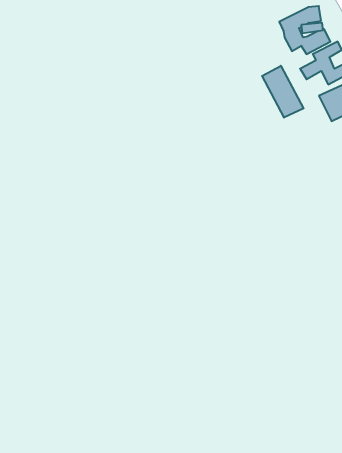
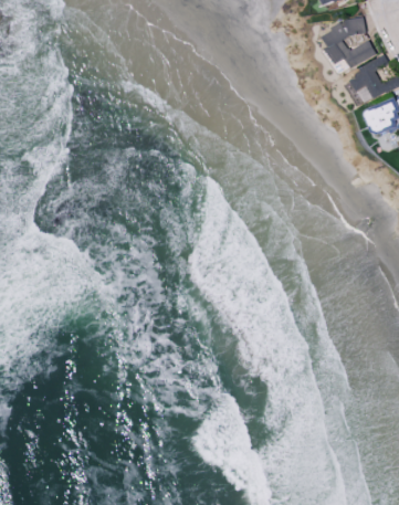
building: [262,66,304,118] -> none

